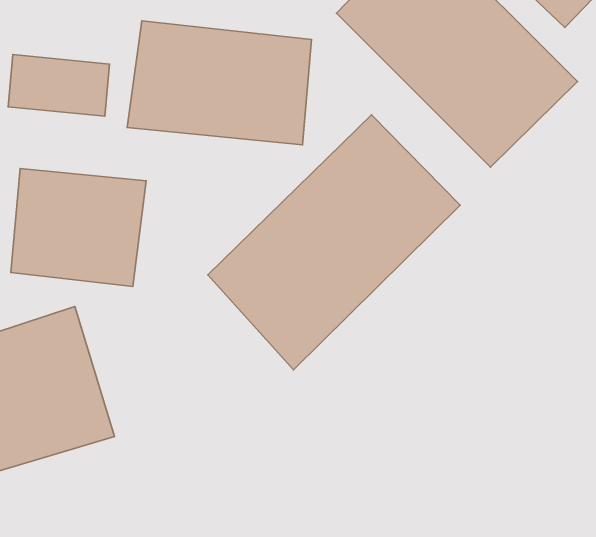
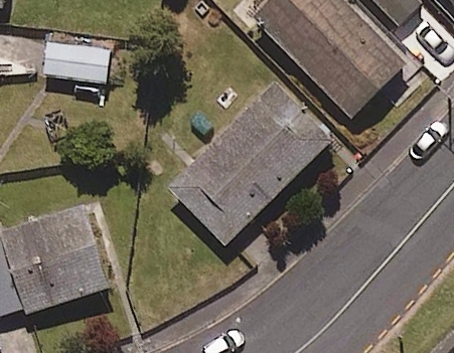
building: [127,21,312,145] -> none
building: [11,168,146,287] -> none

